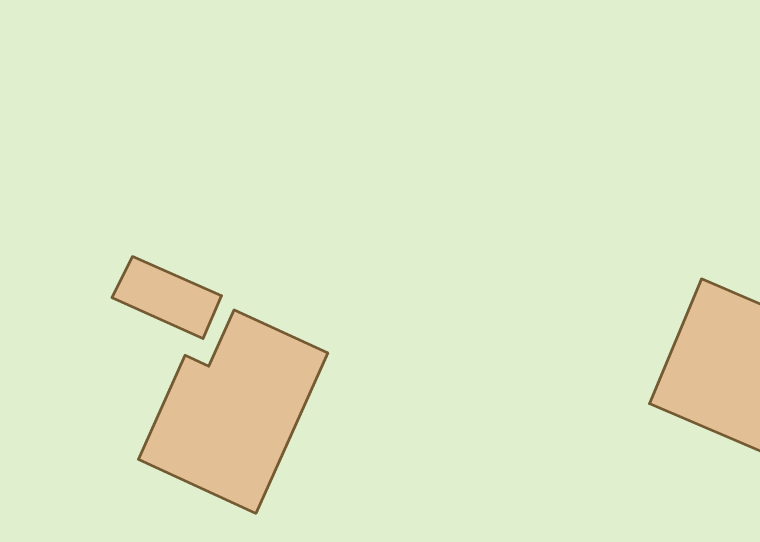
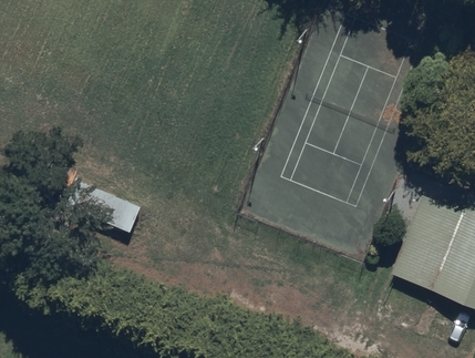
building: [138,310,328,513] -> none

